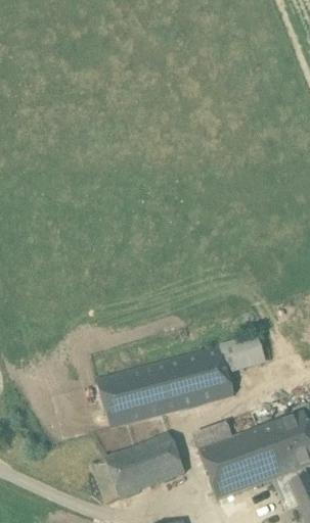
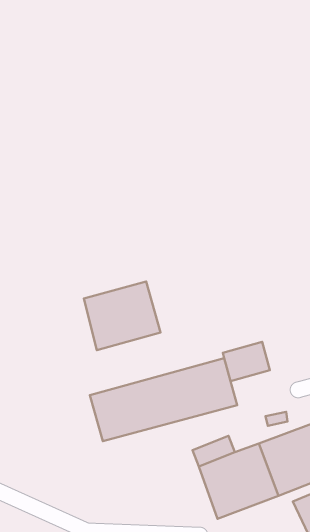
building: none -> [84,281,160,350]
building: [104,434,185,500] -> none

